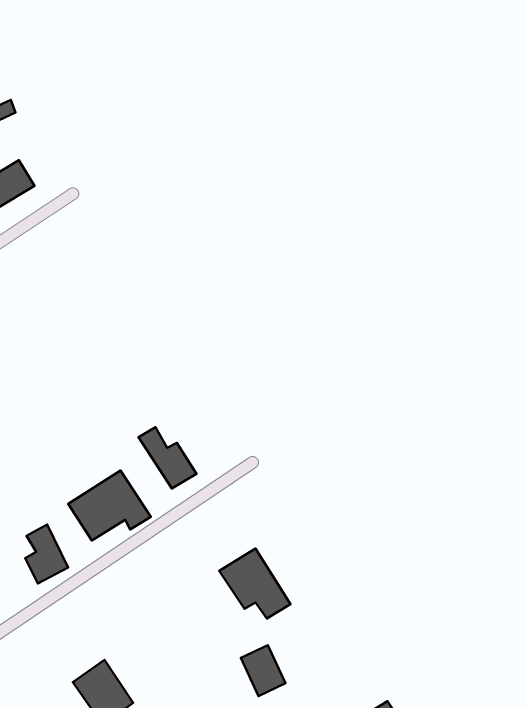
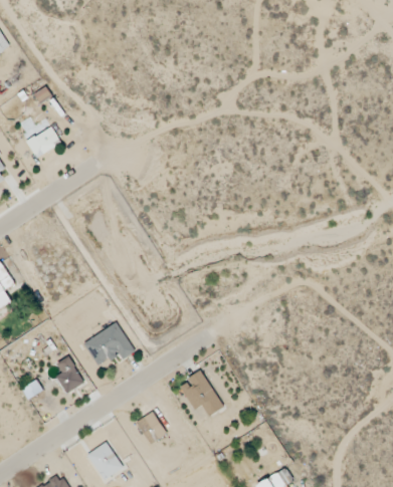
building: [138,427,196,488] -> none
building: [241,645,285,696] -> [137,412,165,444]

